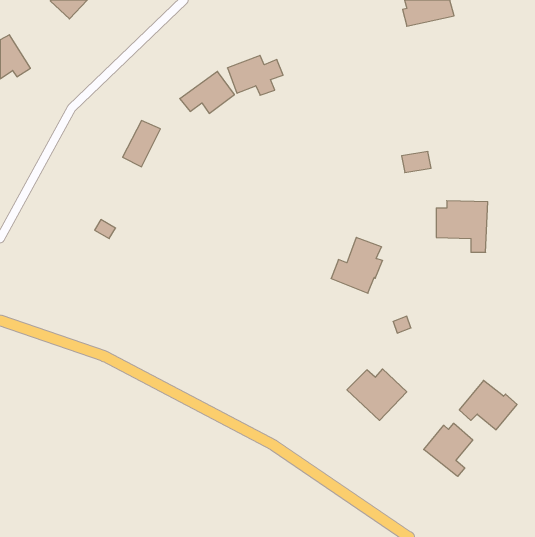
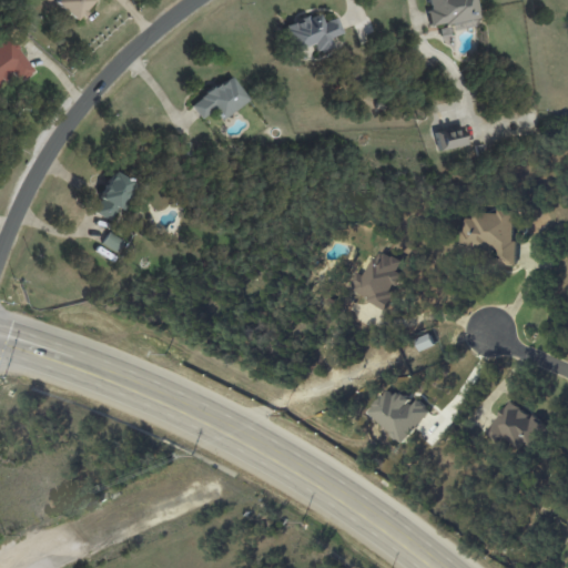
building: [227,55,283,95] -> [285,12,344,54]
building: [123,121,160,167] -> [93,172,133,221]
building: [402,152,431,173] -> [436,128,467,150]
building: [424,423,473,476] -> none

